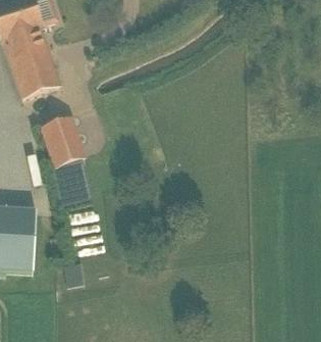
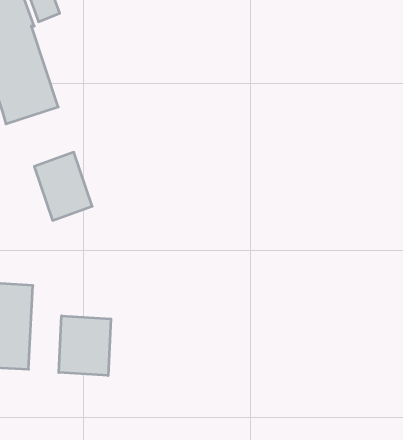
building: none -> [59,316,111,376]

